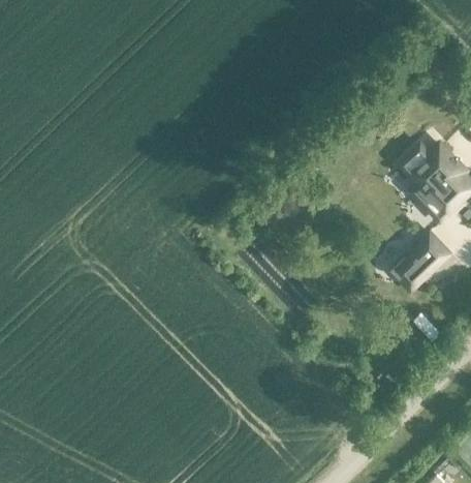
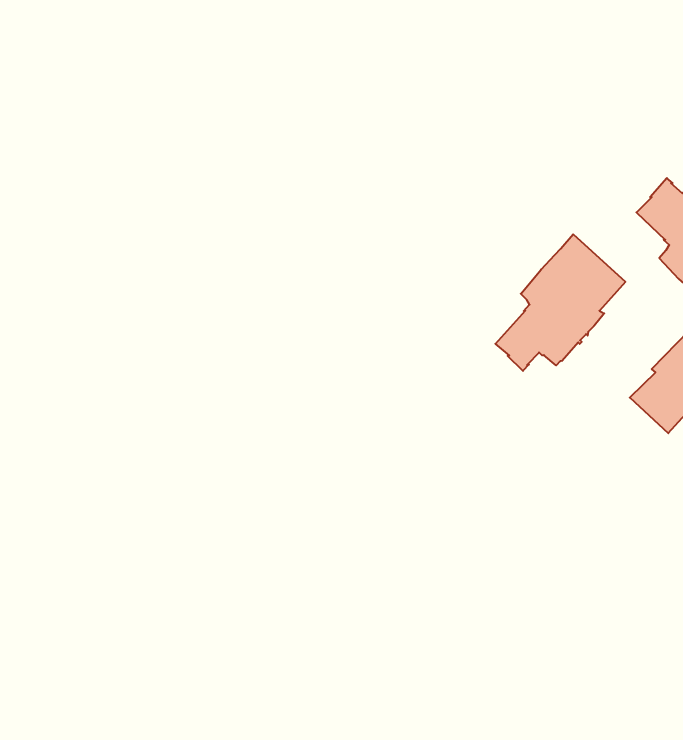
building: none -> [495,234,625,371]

